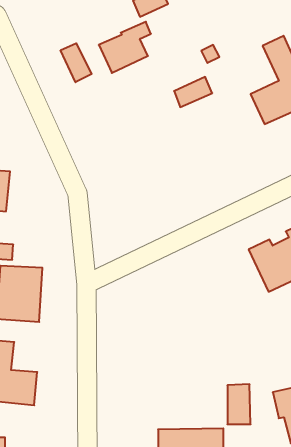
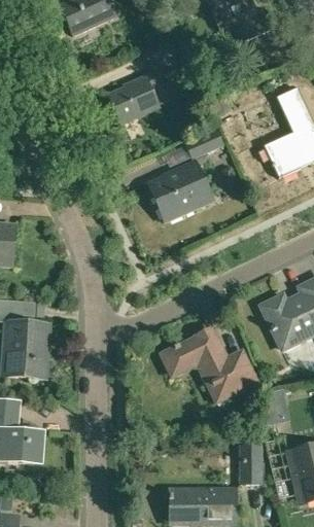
building: [61,43,92,82] -> none
building: none -> [148,163,212,221]
building: none -> [161,329,254,400]

